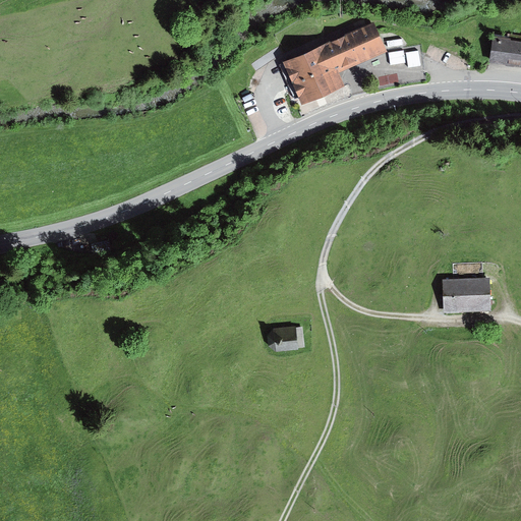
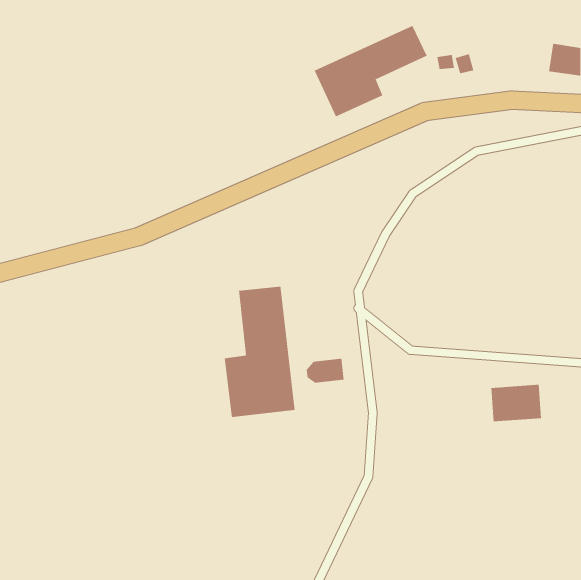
building: none -> [224,286,295,418]
building: [444,277,489,310] -> [491,384,542,422]

